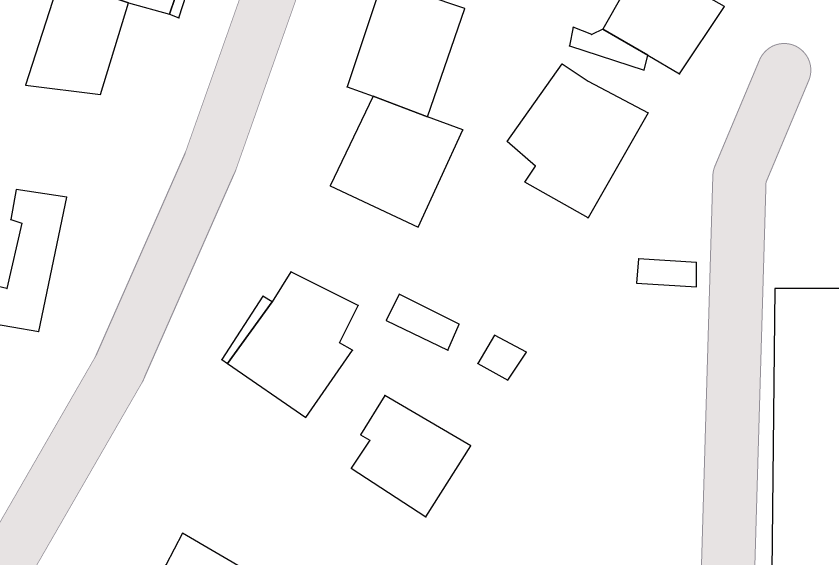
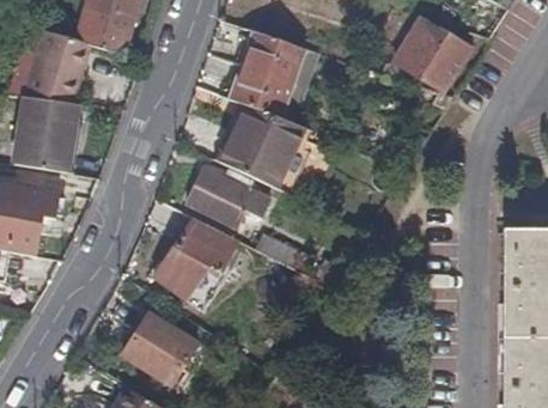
building: [507,64,648,218] -> none
building: none -> [14,97,80,171]
building: none -> [188,168,270,226]
building: [351,395,471,517] -> [123,307,200,385]

